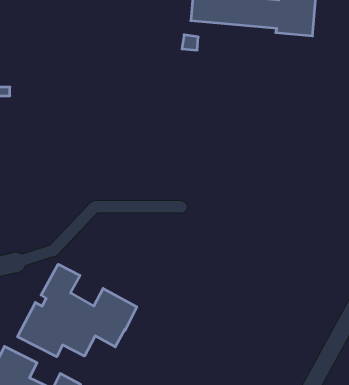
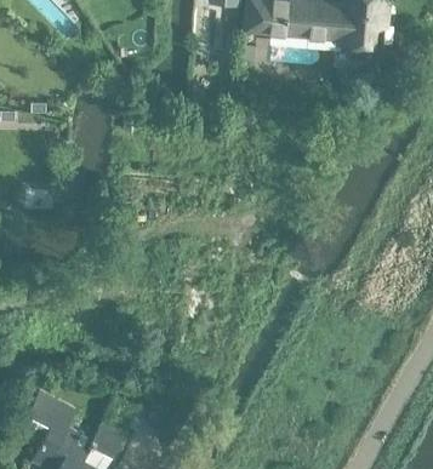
building: [18,264,137,357] -> none

